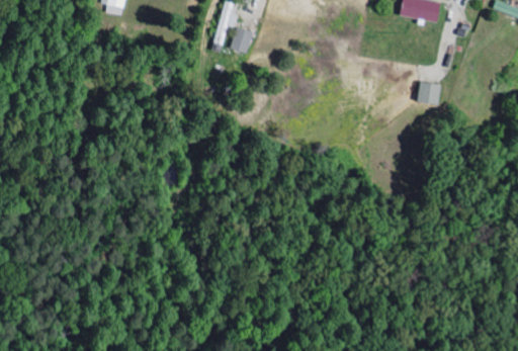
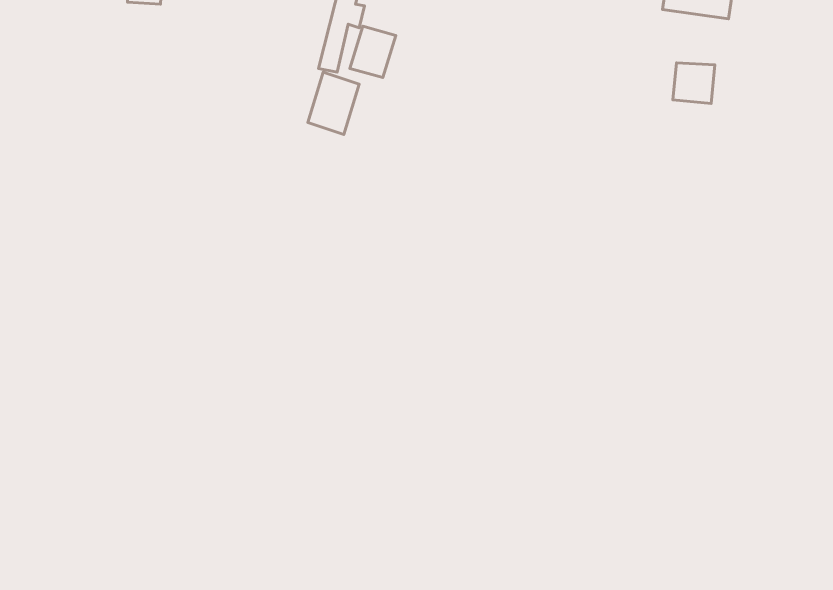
building: none -> [308,72,359,134]
building: [418,82,441,104] -> [673,63,715,103]

